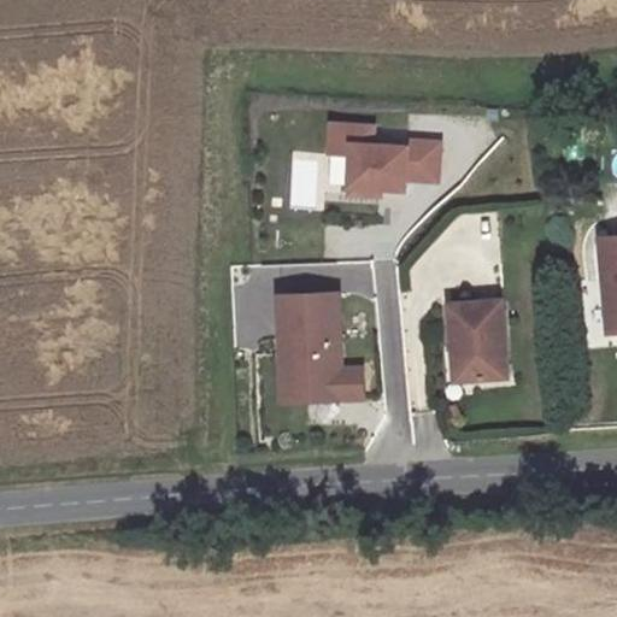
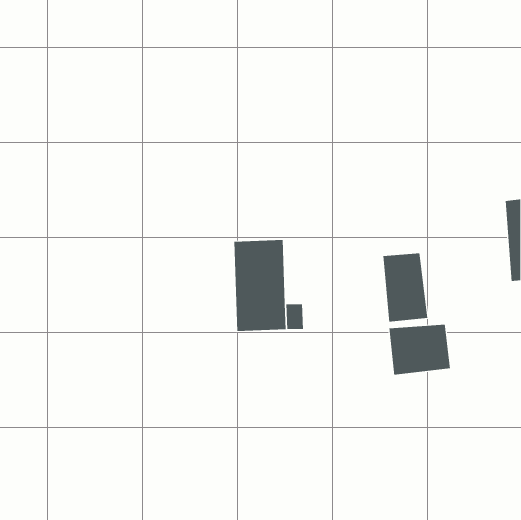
building: [331,125,442,196] -> none
building: none -> [389,324,450,375]

